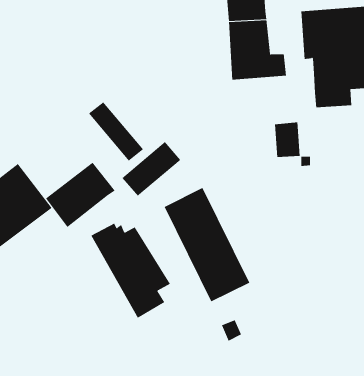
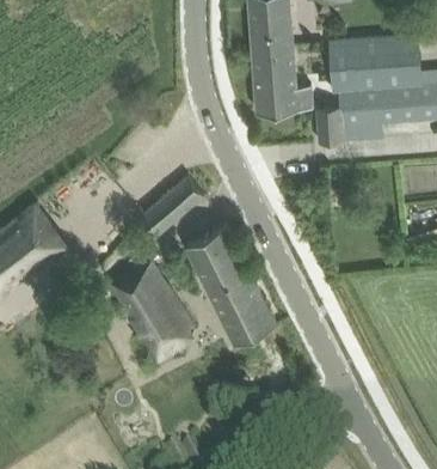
building: [88,101,144,161] -> none
building: [274,122,301,157] -> [315,109,343,146]
building: [45,162,115,228] -> none

